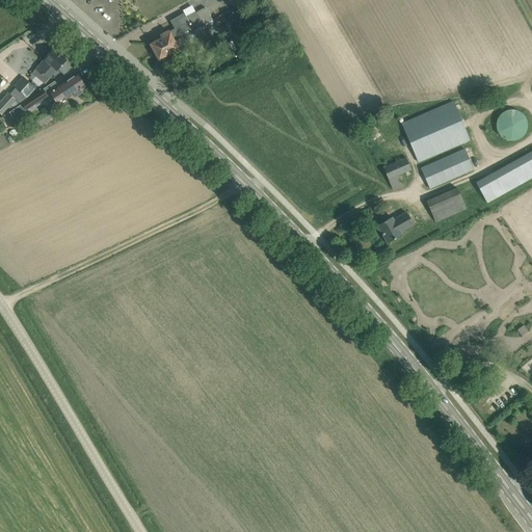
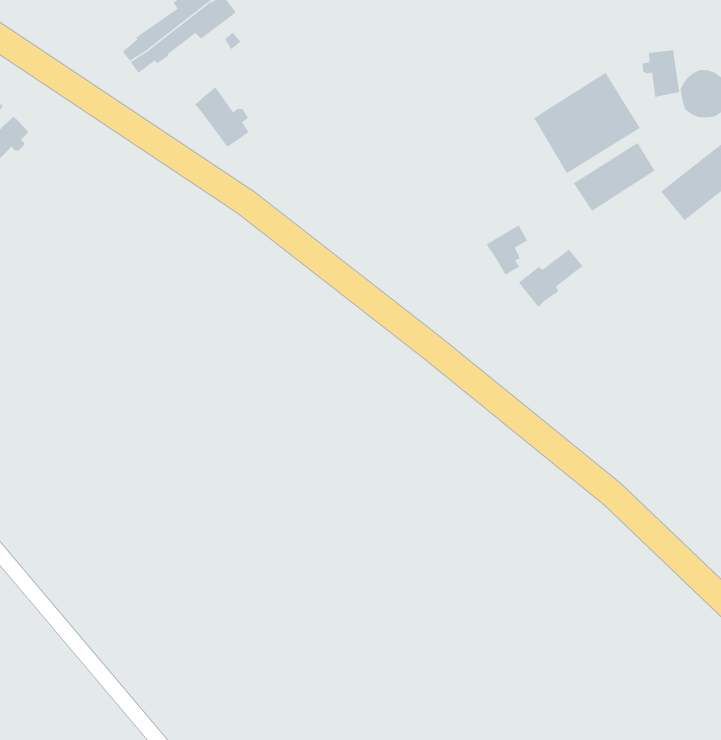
building: none -> [194,86,249,148]
building: none -> [642,49,680,98]
building: [383,158,410,189] -> [486,224,528,276]
building: [428,186,469,220] -> none

